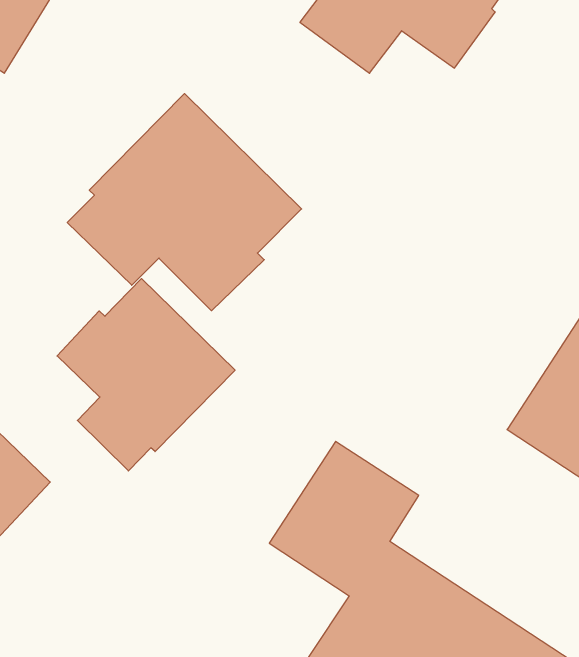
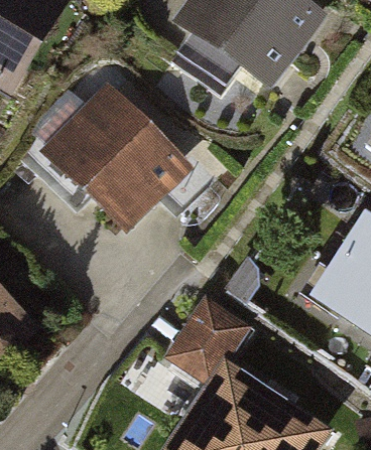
building: [57,279,235,471] -> none

